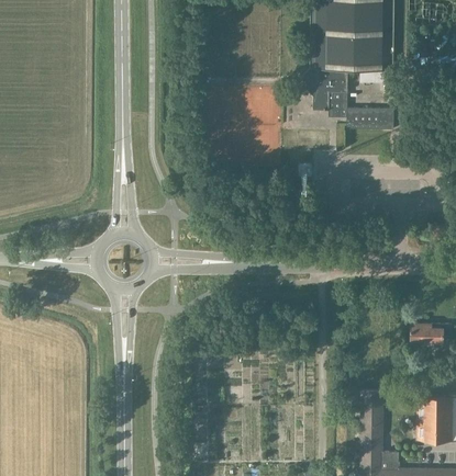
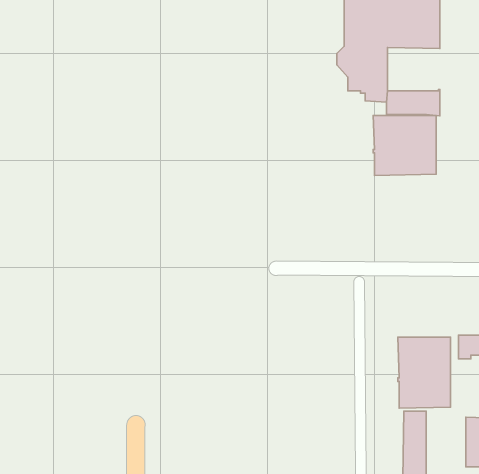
building: none -> [373,115,436,175]
building: none -> [398,337,451,408]

